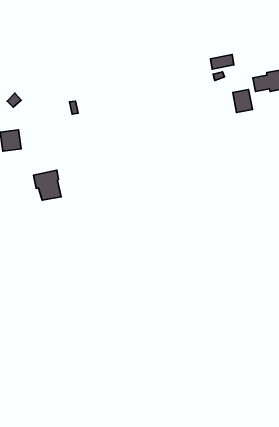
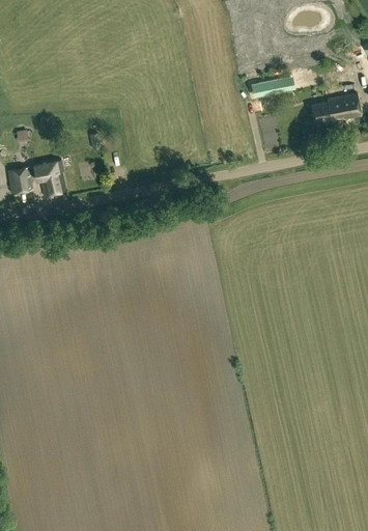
building: [233,90,252,112] -> none
building: [33,170,61,200] -> [33,159,66,195]

